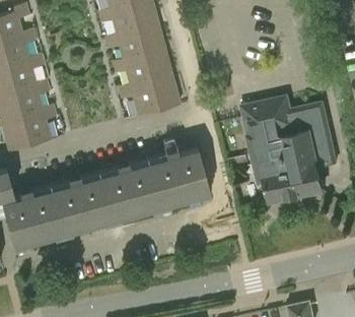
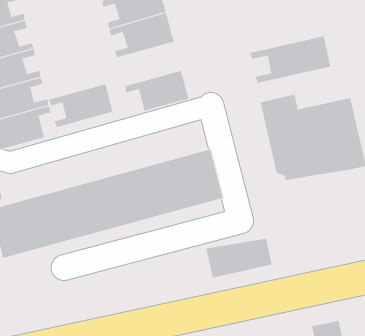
building: none -> [249,35,331,83]
building: [114,54,171,93] -> [48,83,113,128]
building: [264,169,324,204] -> [205,238,273,278]

